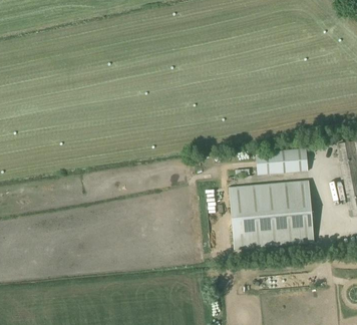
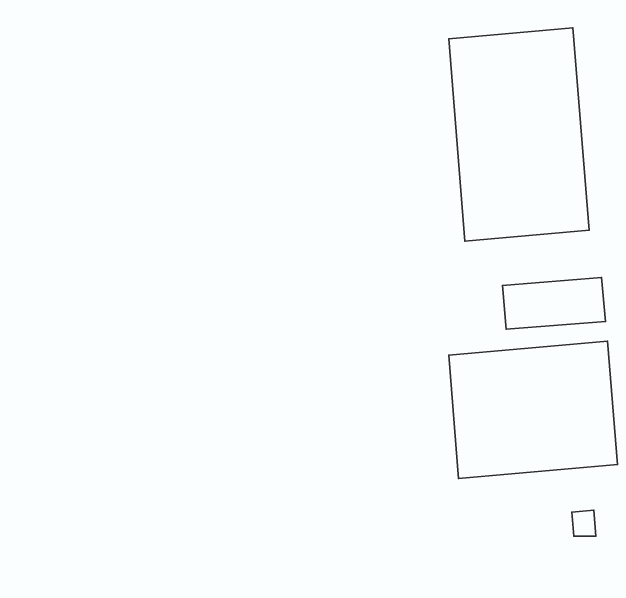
building: none -> [449,28,589,241]

